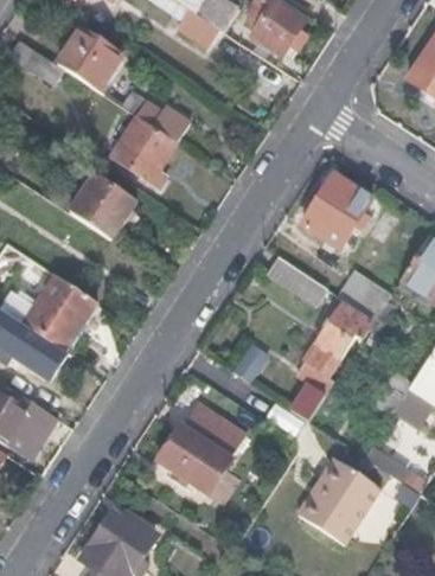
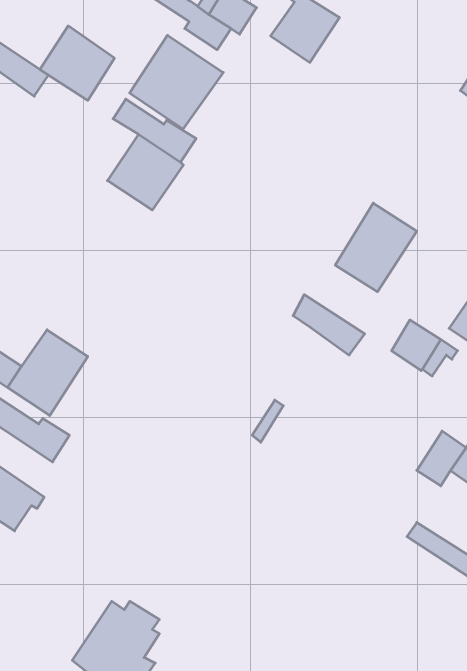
building: none -> [130,35,223,129]
building: [66,175,135,243] -> none
building: [290,300,372,418] -> none
building: [158,402,247,492] -> none
building: [299,460,383,548] -> none

